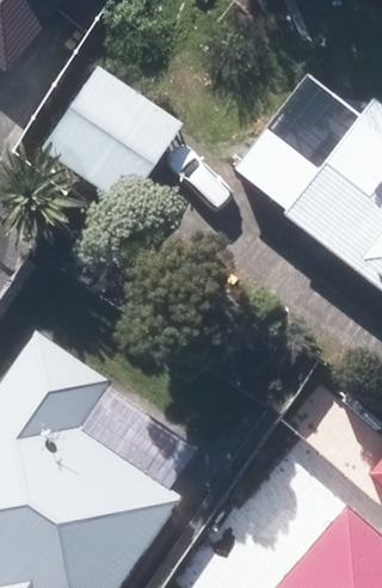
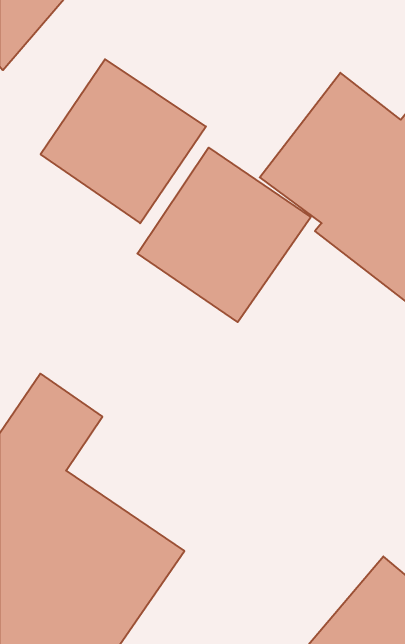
building: none -> [137,148,311,322]

